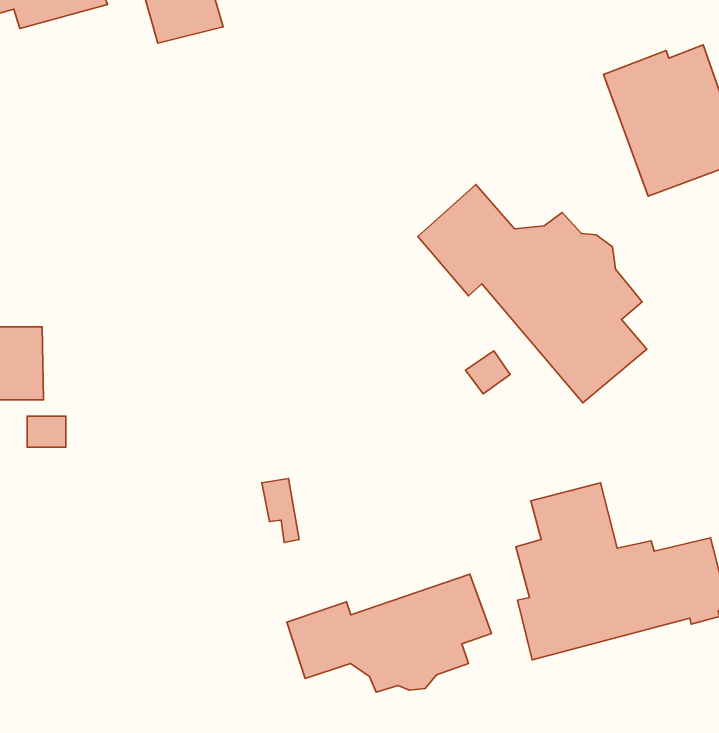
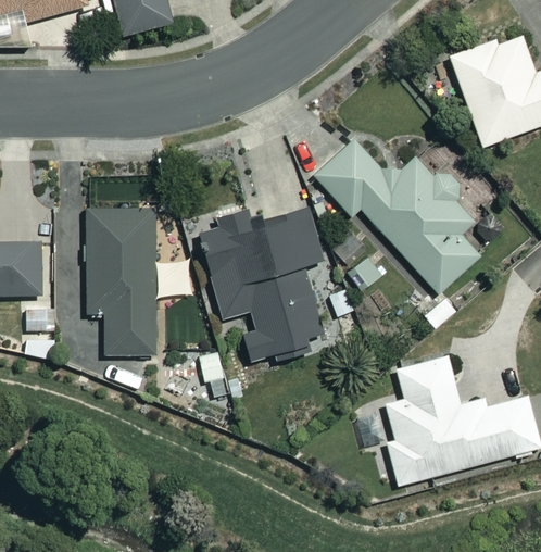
building: none -> [197,209,323,363]
building: none -> [86,210,155,354]
building: [287,574,492,692] -> none

